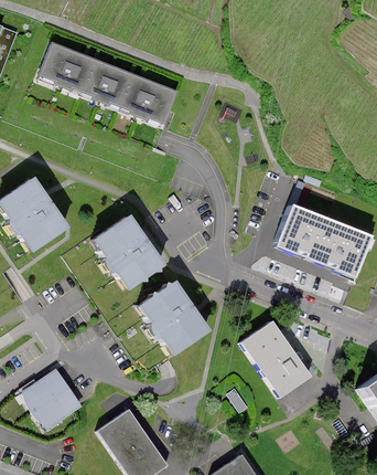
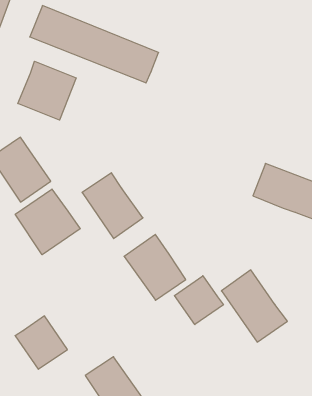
building: none -> [18,61,76,120]
building: none -> [15,189,80,255]
building: none -> [174,276,223,325]

